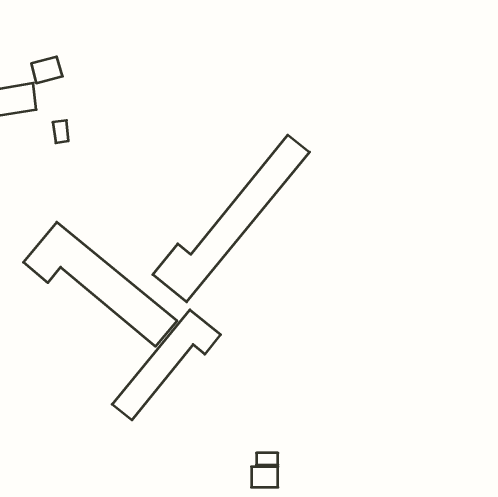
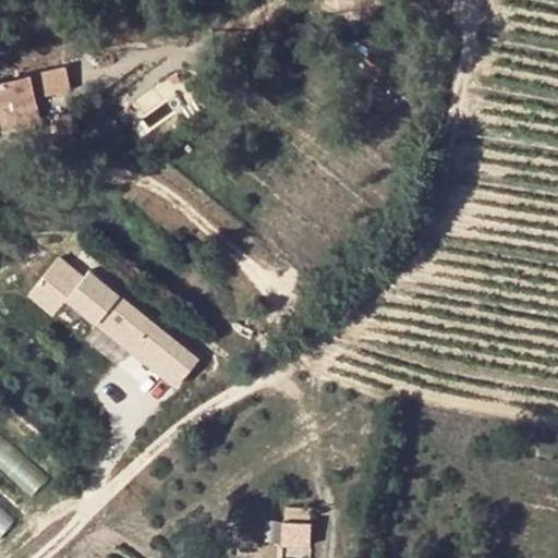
building: [153,135,310,302] -> none
building: [112,310,221,420] -> none

